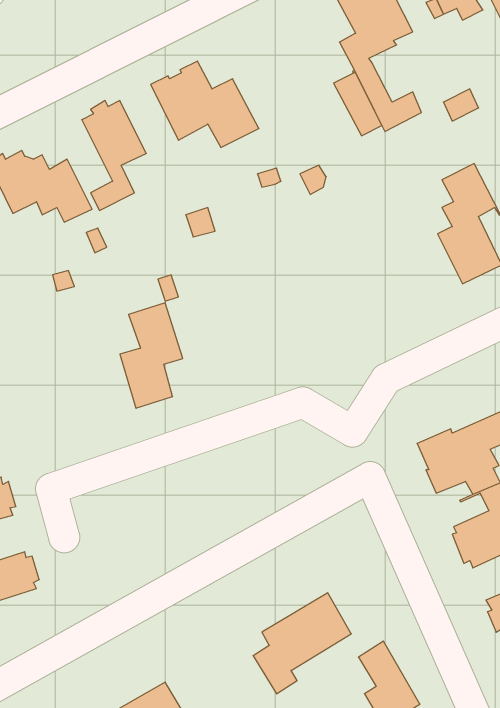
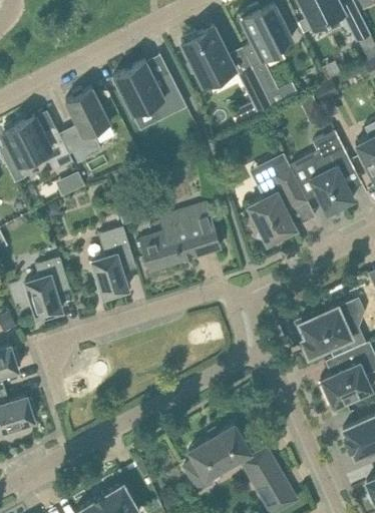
building: none -> [180,26,235,86]
building: none -> [248,159,307,244]
building: none -> [140,204,220,271]
building: none -> [25,258,68,320]

